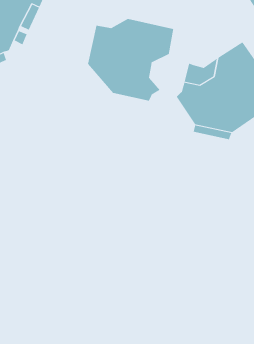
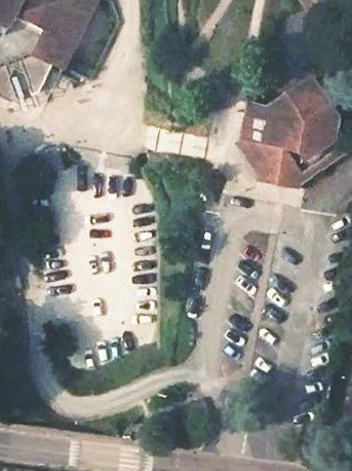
building: [87,18,174,101] -> none

